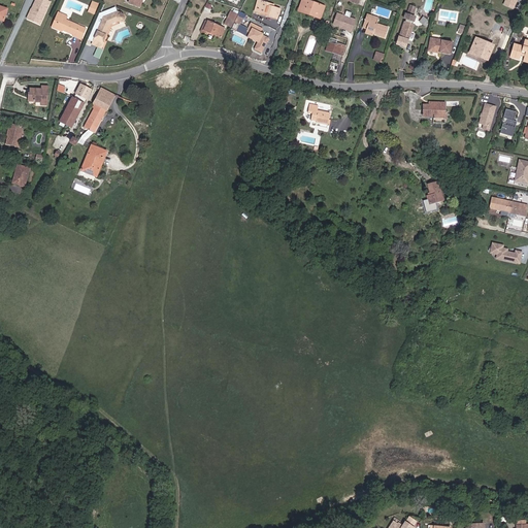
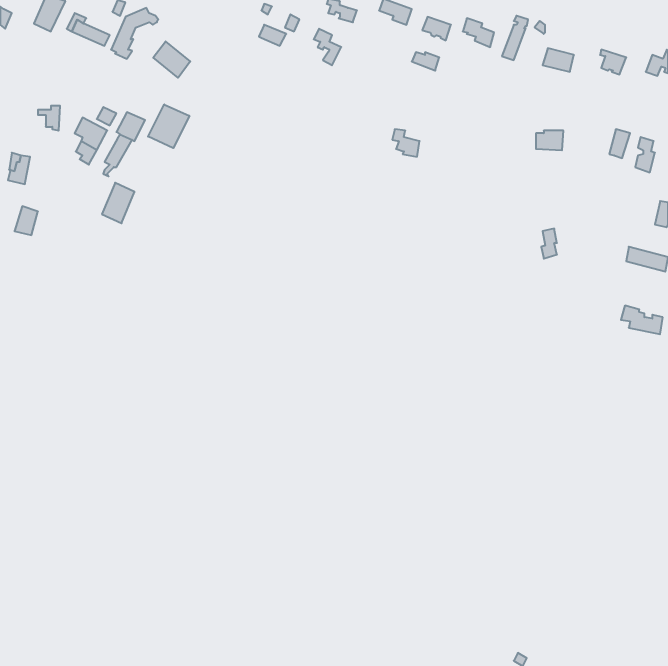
building: none -> [153,41,190,78]
building: none -> [148,104,189,148]

